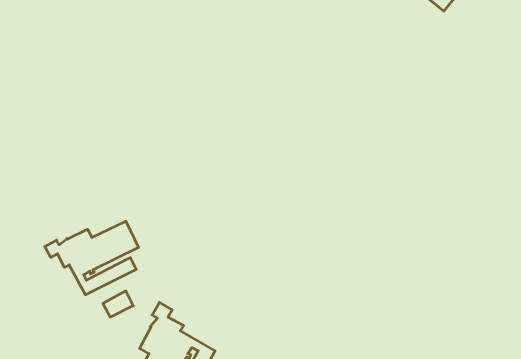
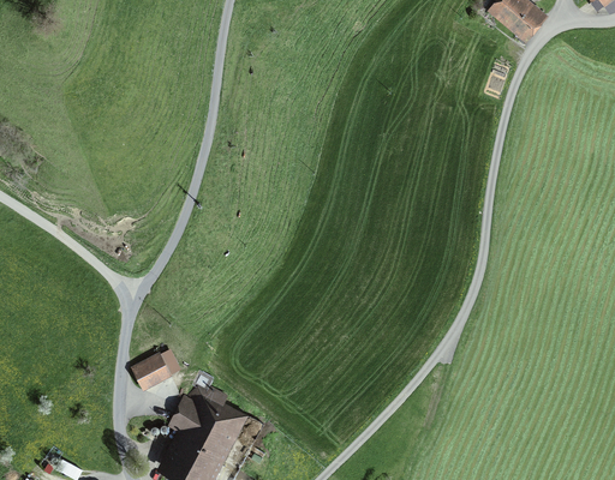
building: [45,221,138,295] -> none

